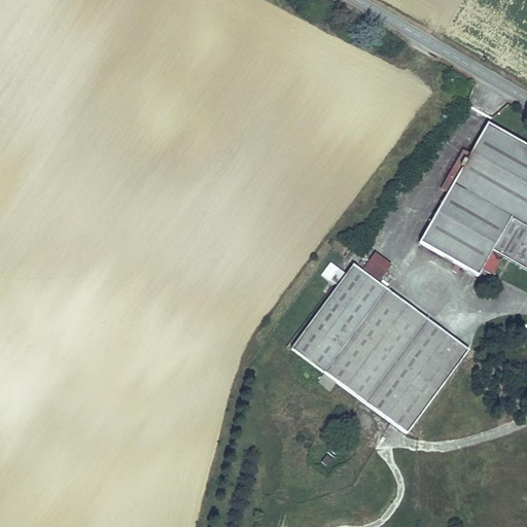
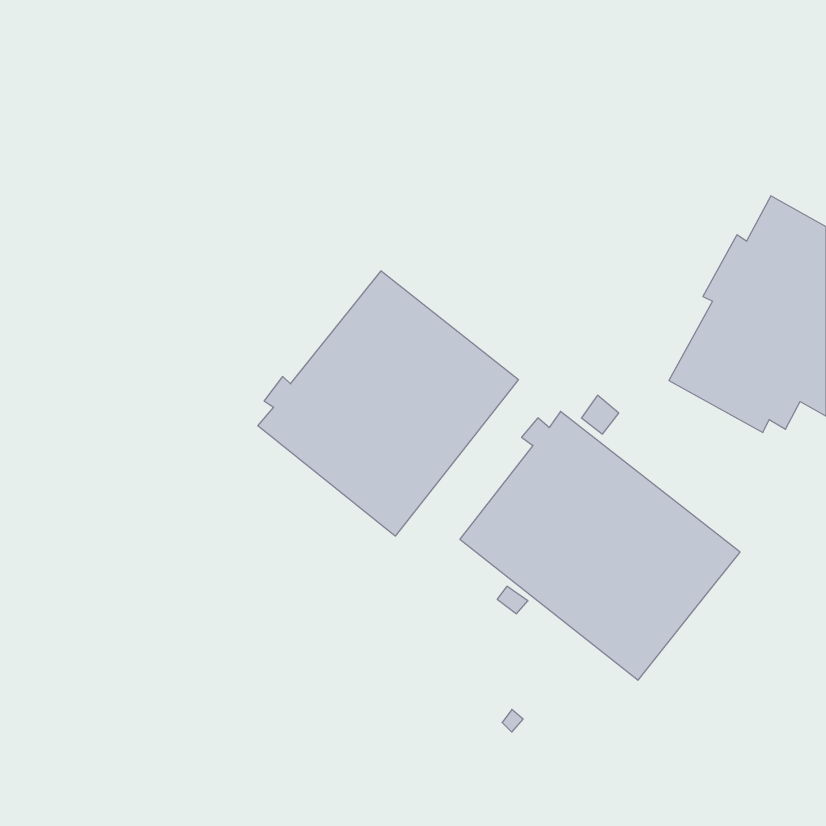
building: none -> [258,271,518,536]

